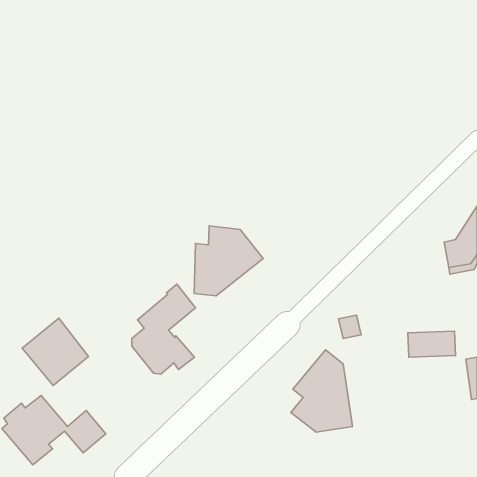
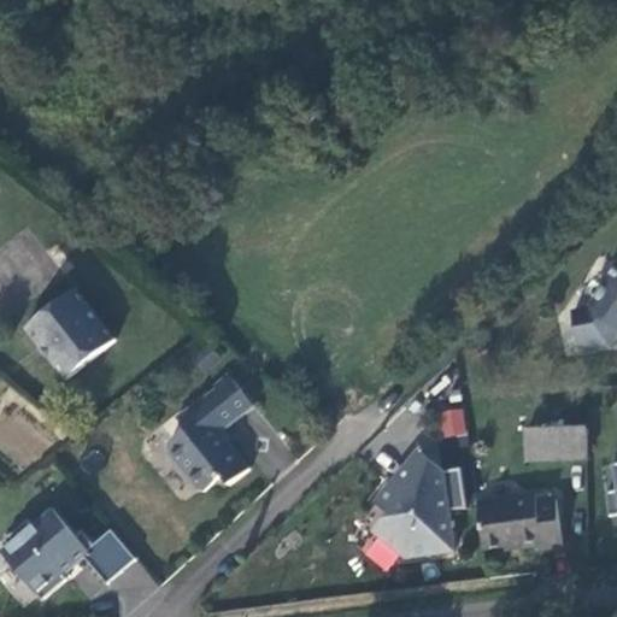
building: [194,226,263,296] -> none
building: [22,318,89,386] -> [23,286,108,372]
building: none -> [478,494,563,550]

